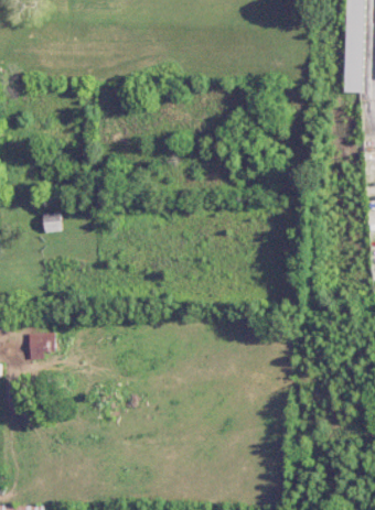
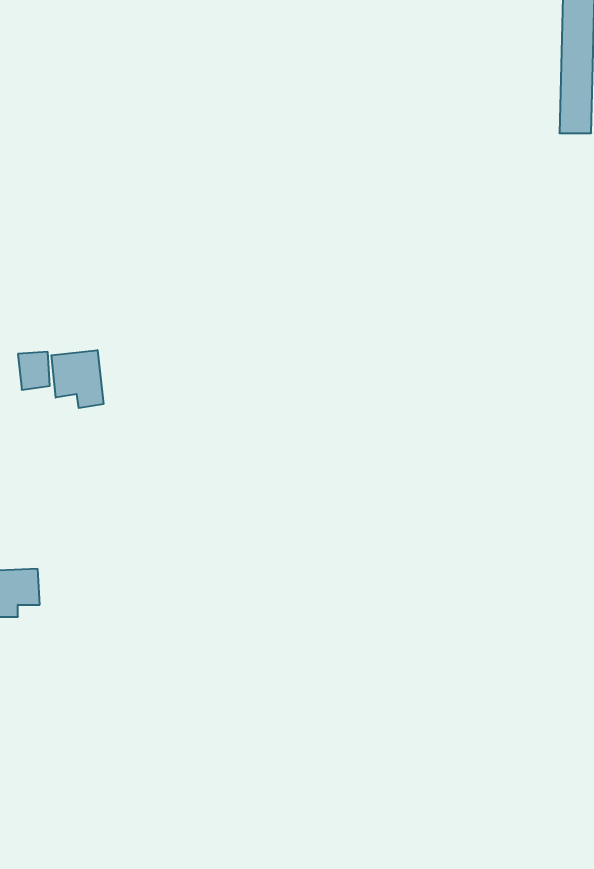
building: none -> [51,350,103,408]

